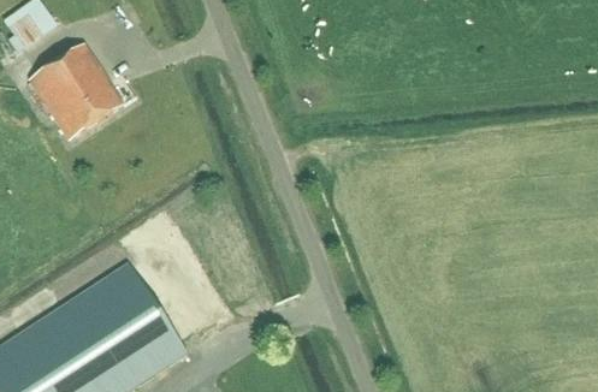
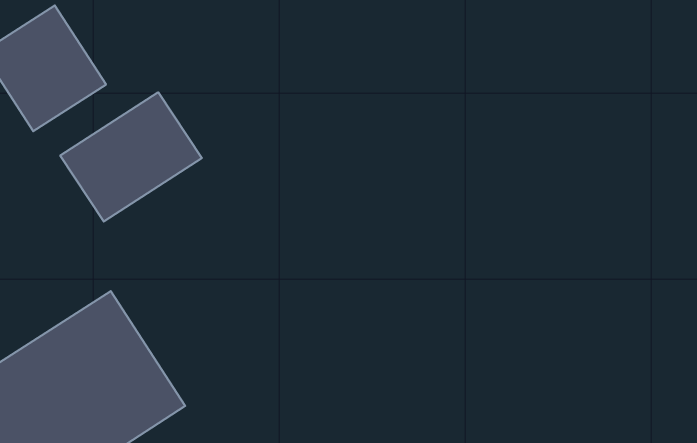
building: none -> [60,92,202,222]

